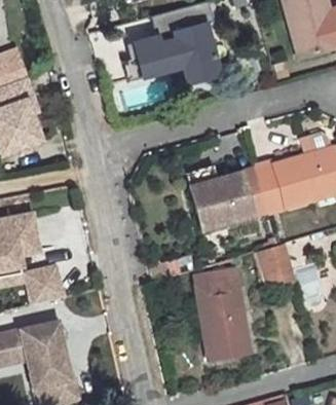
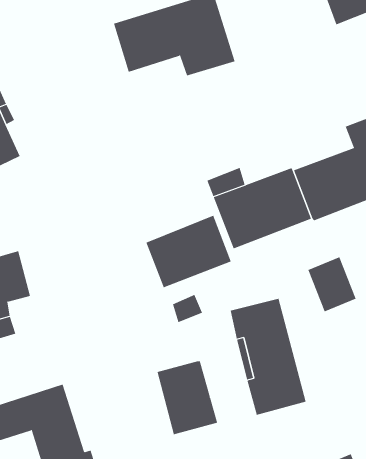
building: none -> [146,215,232,288]
building: [26,265,64,303] -> none
building: none -> [157,360,218,435]

